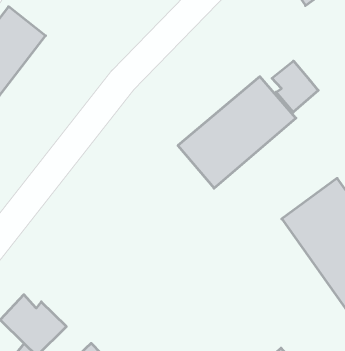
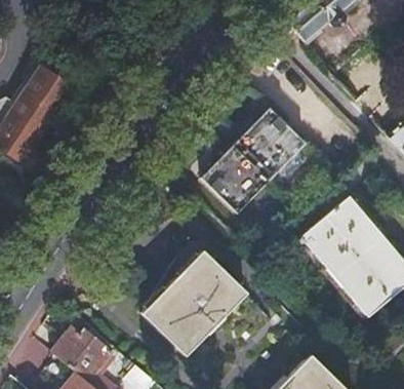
building: [272,61,318,112] -> none
building: none -> [144,238,245,353]

